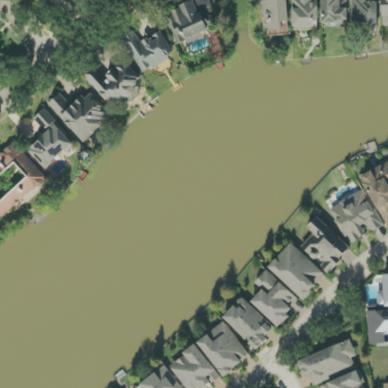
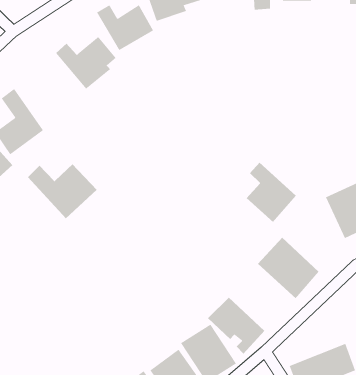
building: [47,91,111,142] -> [27,164,97,219]
building: [303,216,350,272] -> [246,162,297,223]
building: [249,269,299,325] -> none

